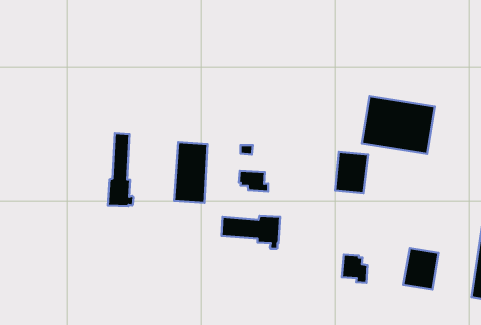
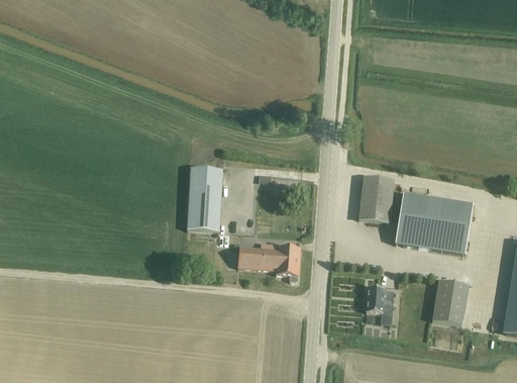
building: [362,96,435,154] -> [395,193,473,255]
building: [108,133,134,206] -> none
building: [239,171,268,192] -> none

